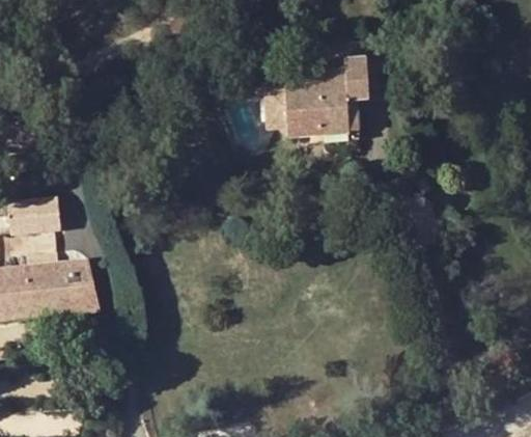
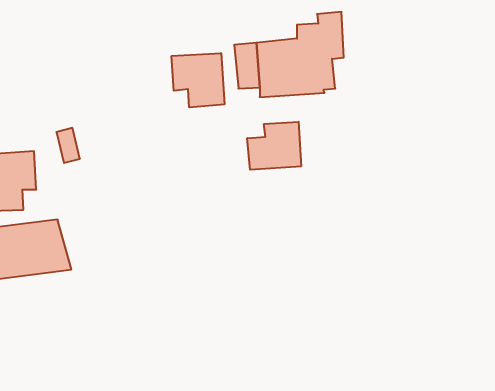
building: none -> [172,53,224,107]
building: none -> [247,122,301,170]

